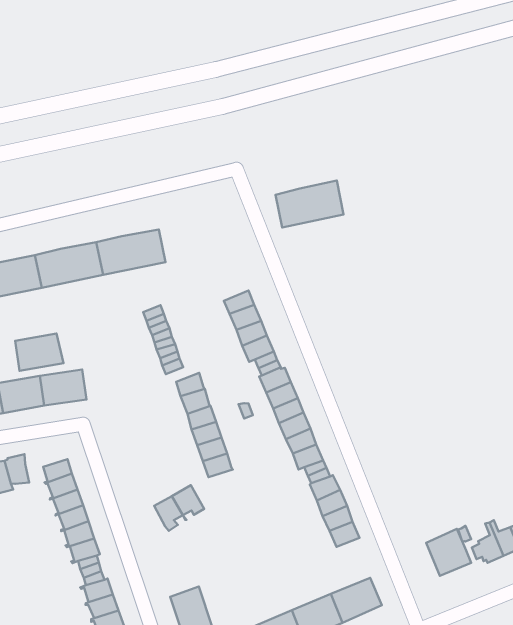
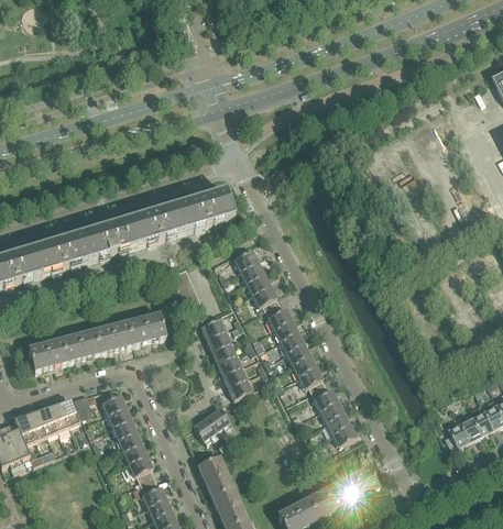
building: [275,180,344,227] -> [176,190,231,231]
building: [15,333,64,371] -> [125,312,165,344]
building: [426,529,471,576] -> none
building: none -> [196,453,232,494]

